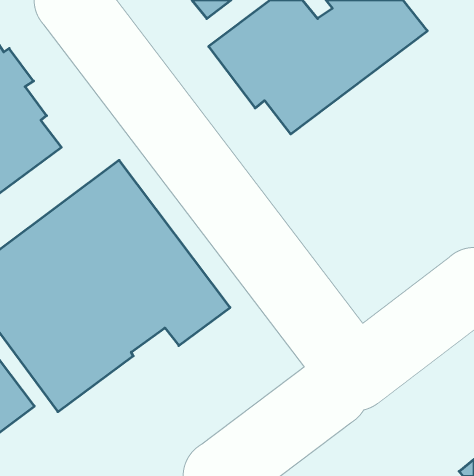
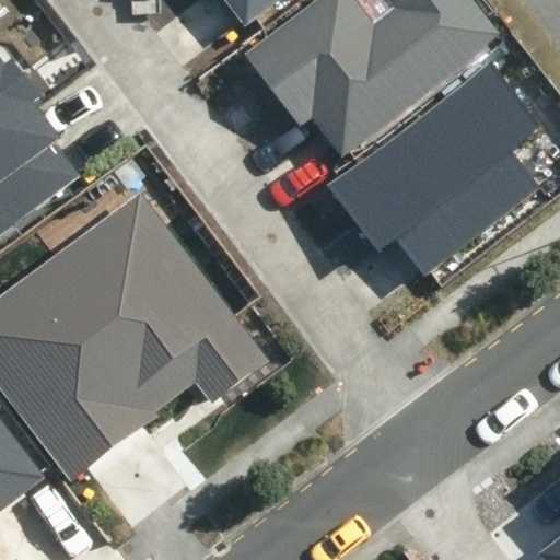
building: none -> [326,60,544,272]

